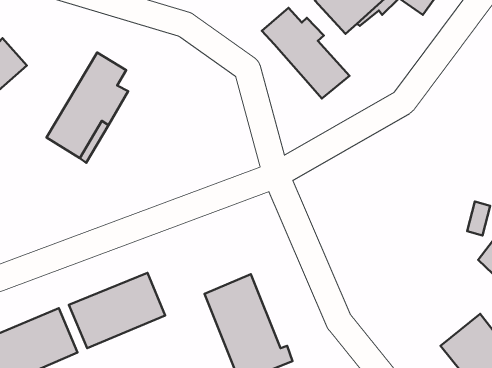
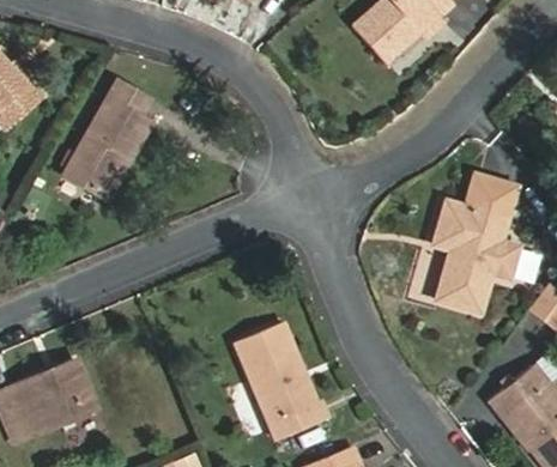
building: [262,8,349,98] -> none
building: none -> [432,176,516,314]
building: [69,273,165,348] -> none

